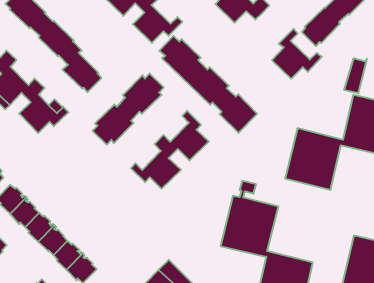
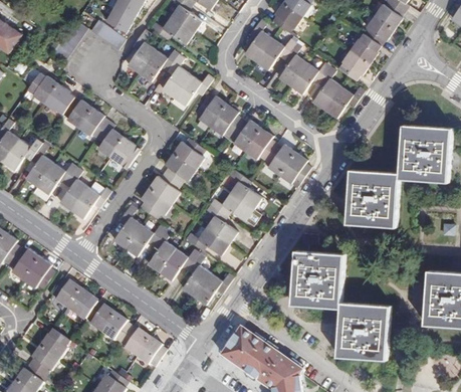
building: none -> [278,55,329,94]
building: [344,58,367,93] -> none
building: none -> [112,205,233,306]

